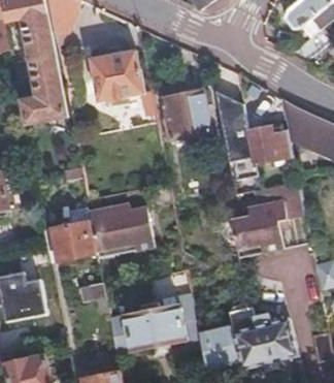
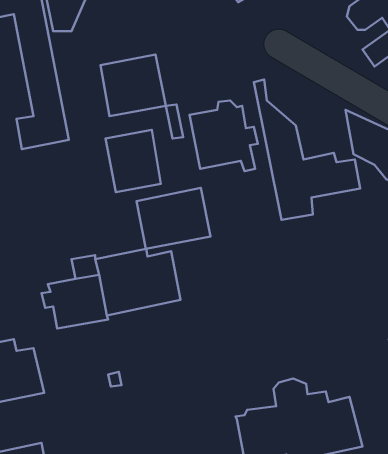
building: none -> [105,130,161,192]
building: none -> [137,188,211,249]
building: [233,181,305,256] -> none
building: [107,292,197,353] -> none

